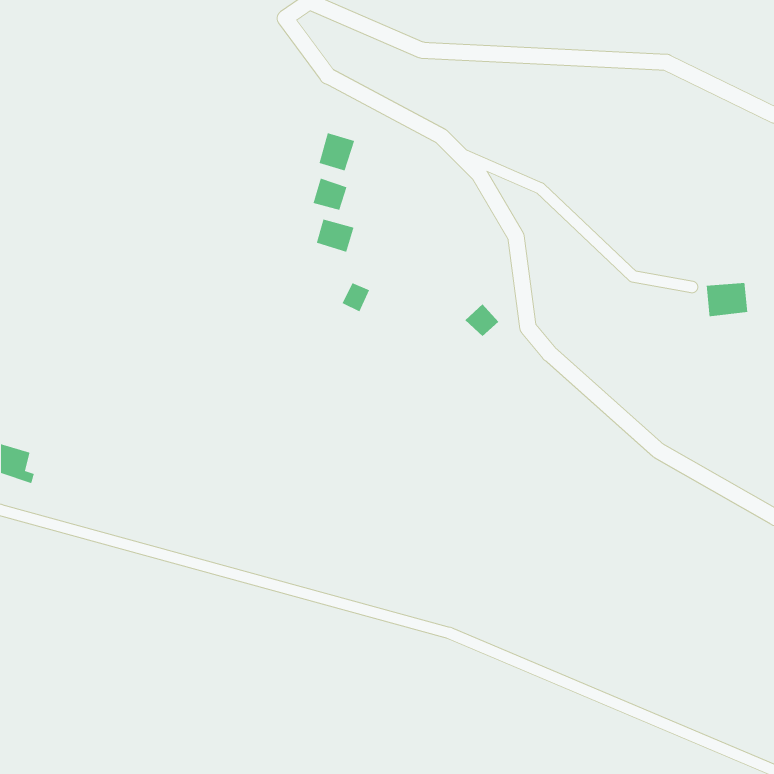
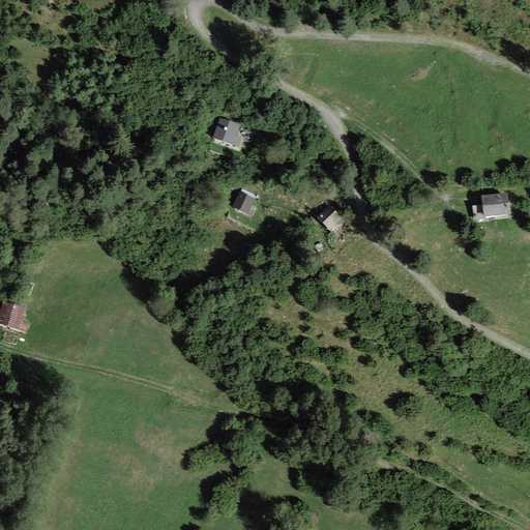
building: [319,132,355,171] -> none
building: [316,219,354,253] -> none

